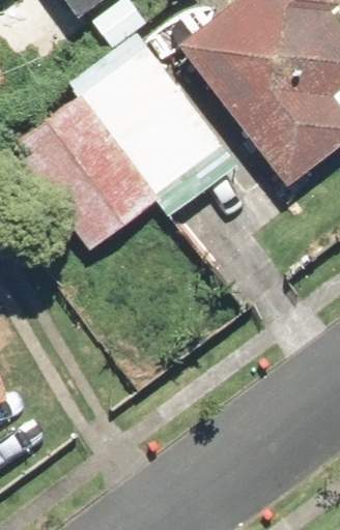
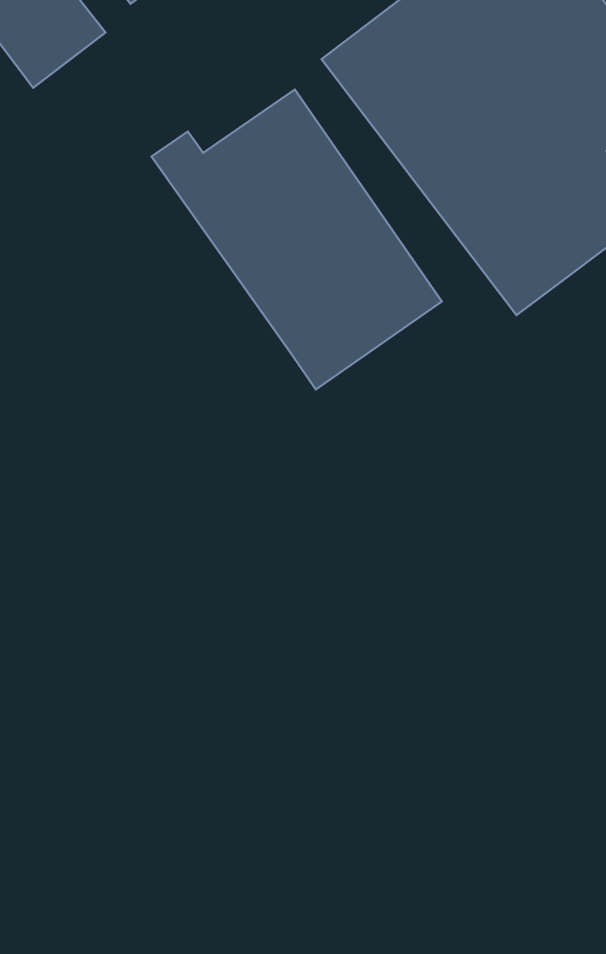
building: [15,95,161,251] -> none

